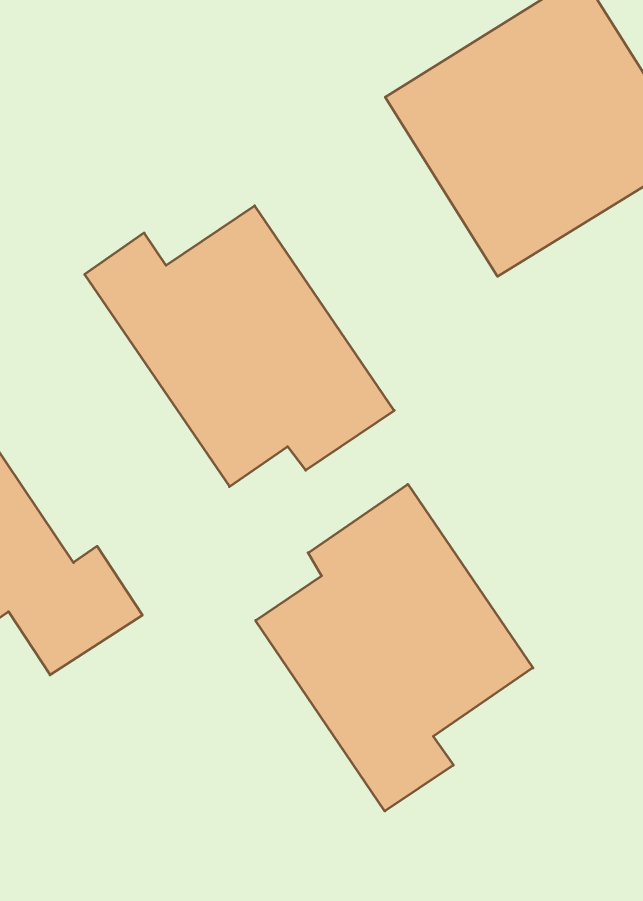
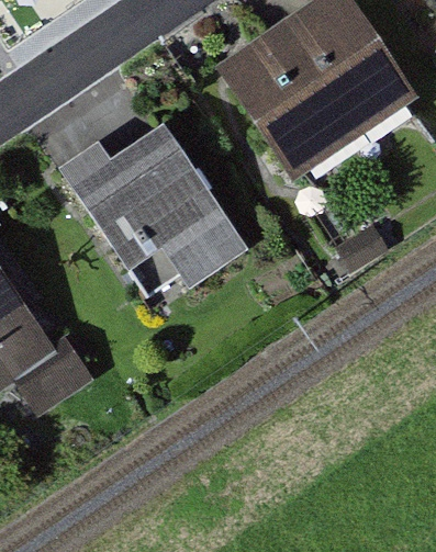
building: [256,484,533,811] -> none

